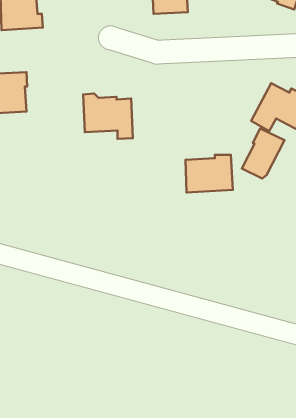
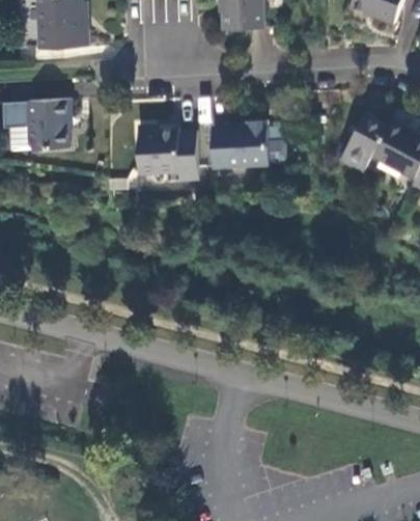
building: [242,128,285,179] -> none
building: [186,155,233,192] -> [212,122,269,168]

